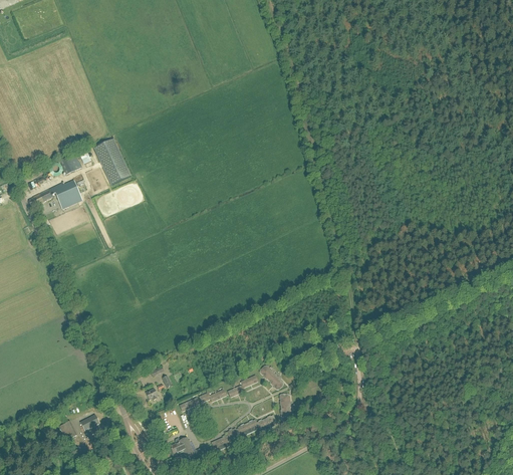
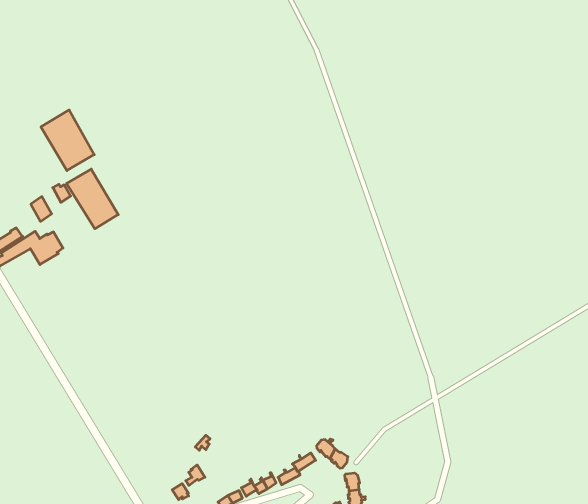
building: none -> [41,110,94,171]

